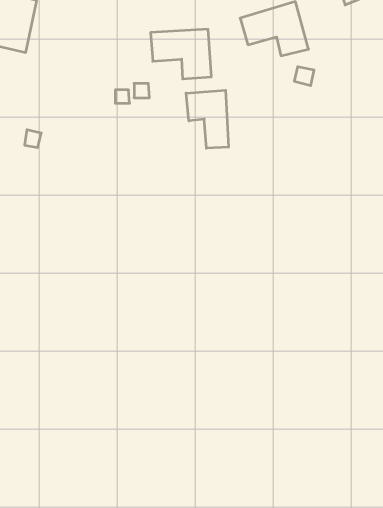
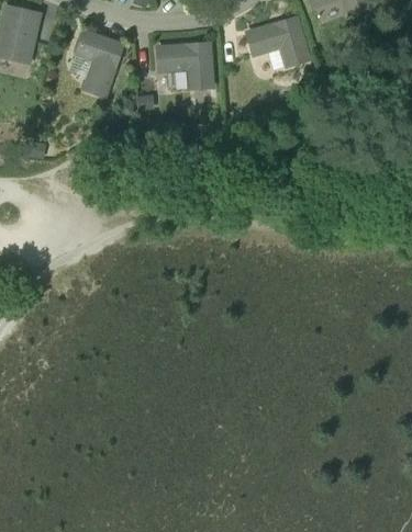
building: none -> [73,27,124,98]
building: [186,90,229,148] -> none

